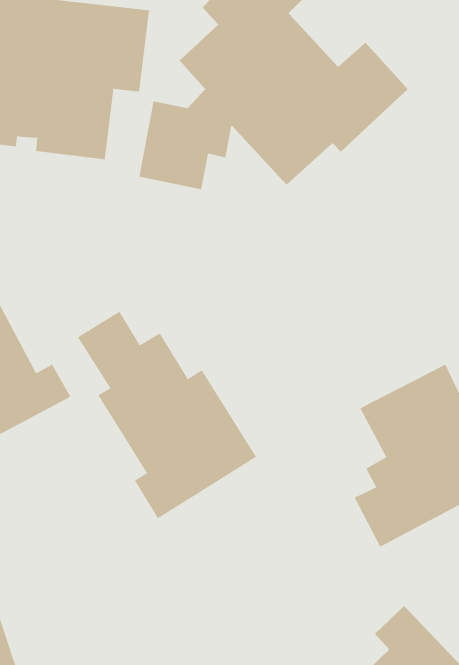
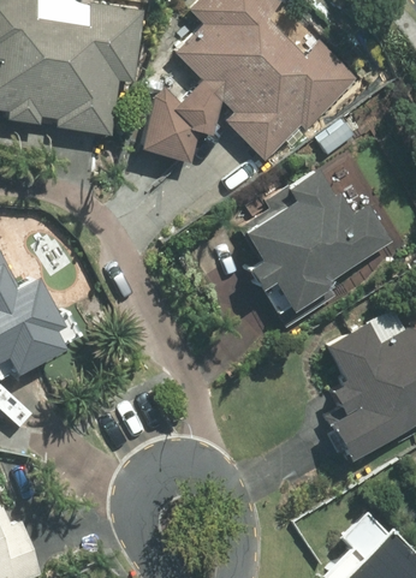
building: none -> [220,168,396,309]
building: [77,311,257,519] -> none

